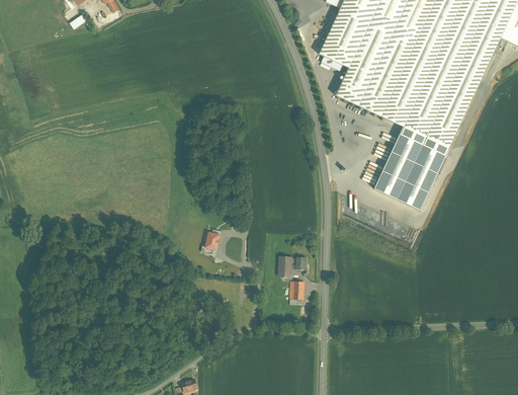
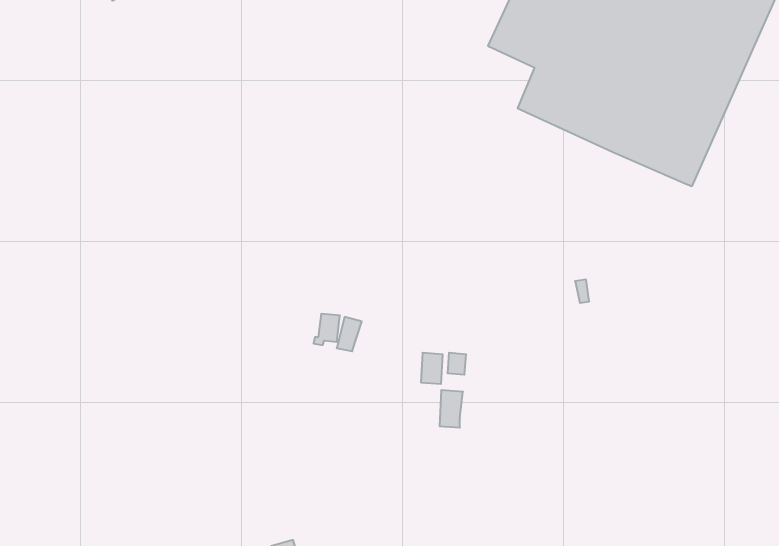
building: [373,125,449,209] -> none

